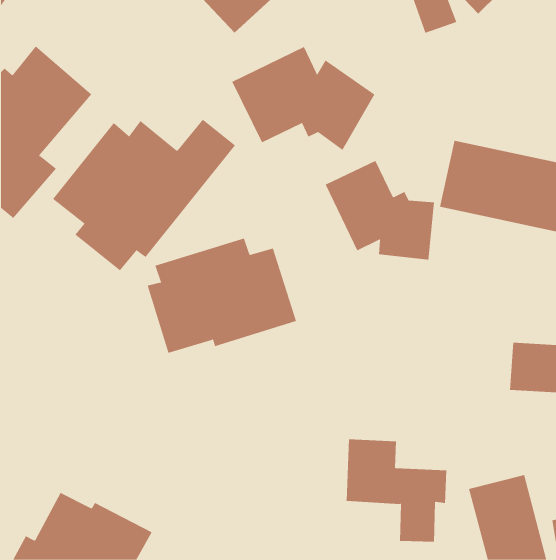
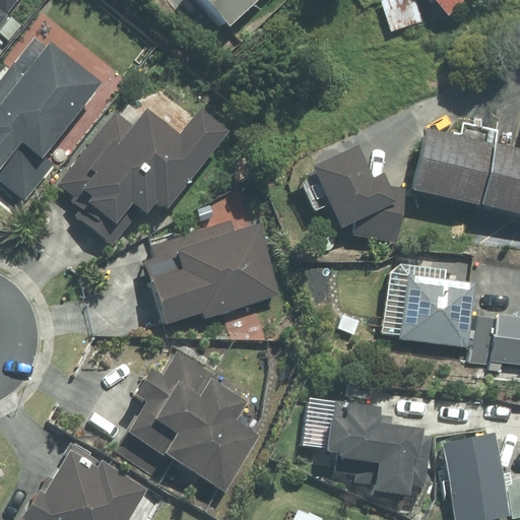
building: [232,46,375,151] -> none
building: none -> [403,273,477,343]
building: none -> [118,353,259,492]

